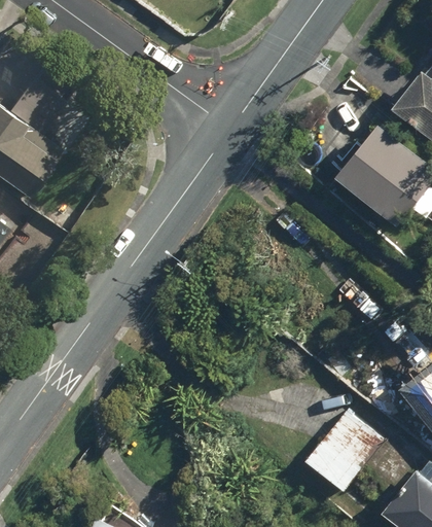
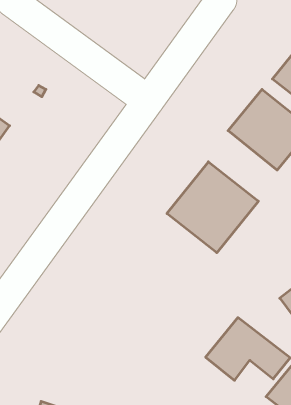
building: none -> [167,162,258,253]

